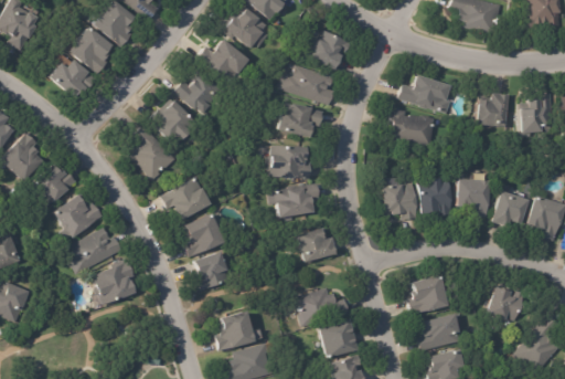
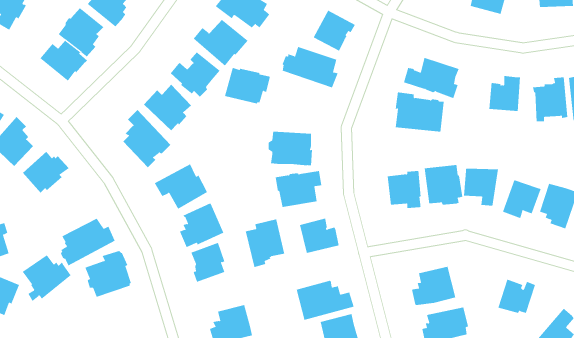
building: [280,103,324,138] -> [224,67,270,104]
building: [54,194,102,240] -> [22,255,71,302]
building: none -> [245,218,285,268]

